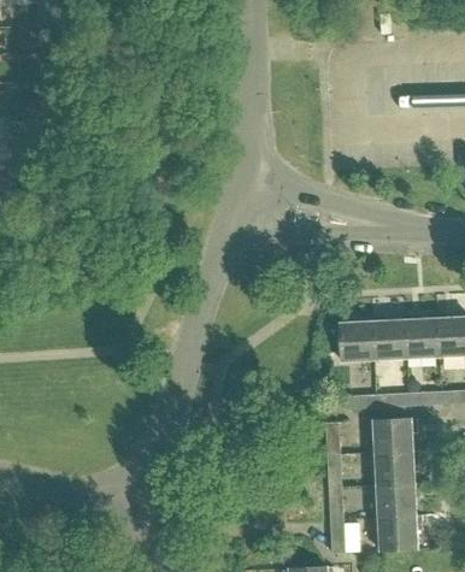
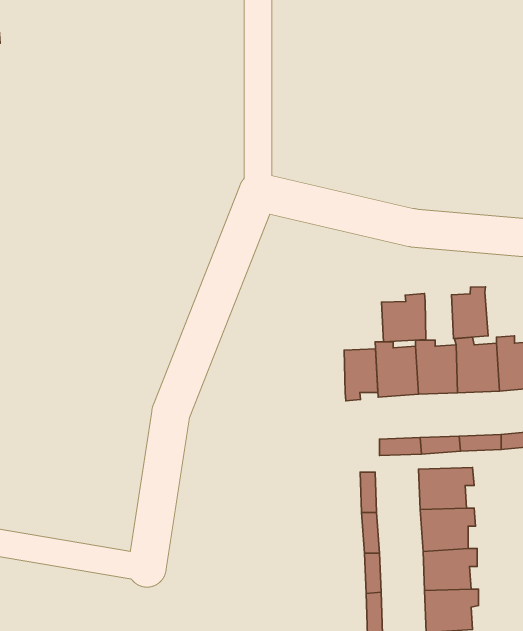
building: none -> [451,287,488,339]
building: none -> [381,294,426,342]
building: none -> [344,349,378,401]

